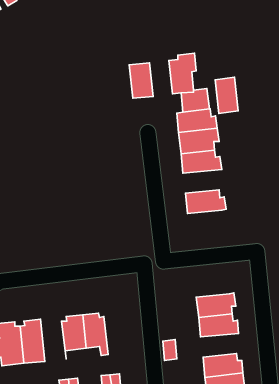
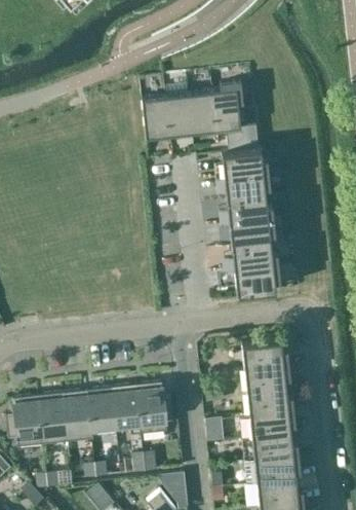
building: none -> [143,96,171,137]
building: [215,77,238,113] -> [191,90,217,133]
building: none -> [230,218,276,246]
building: none -> [235,264,281,294]
building: none -> [243,338,289,367]
building: none -> [137,381,175,434]
building: none -> [64,391,93,442]
building: none -> [250,409,296,437]

